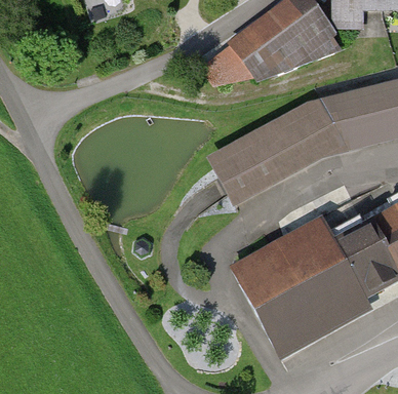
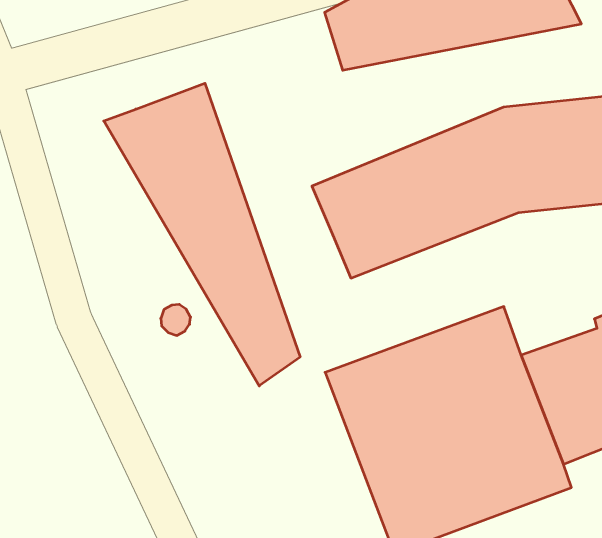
building: none -> [104,83,300,386]

